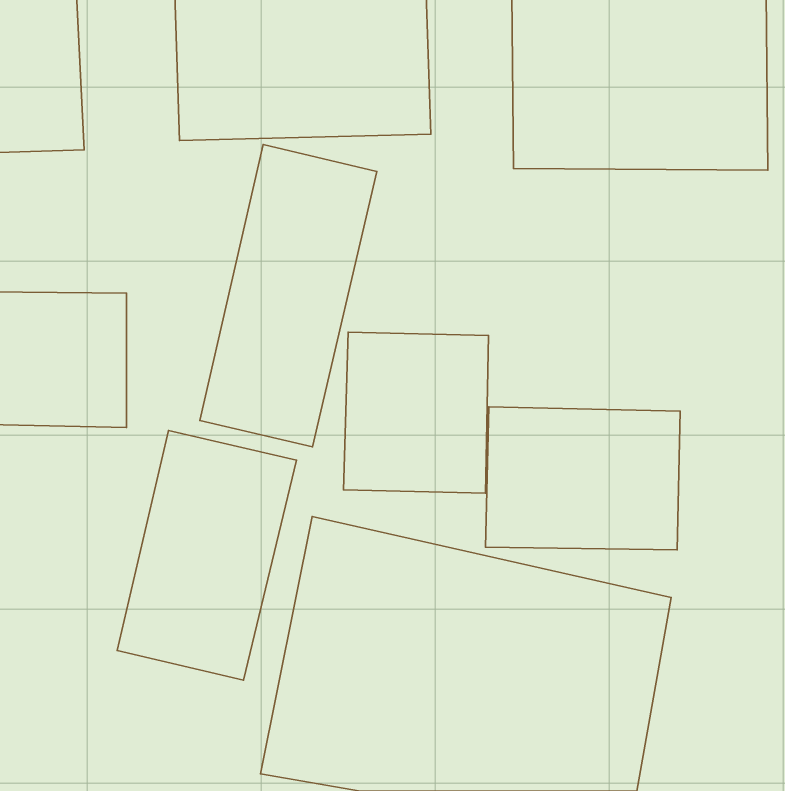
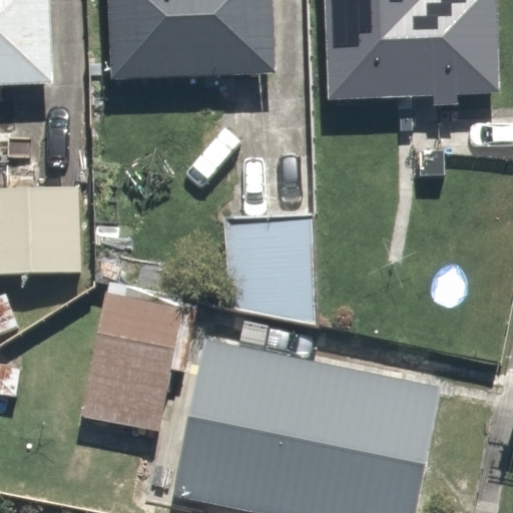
building: [200,144,377,447] -> none
building: [486,407,680,550] -> none

